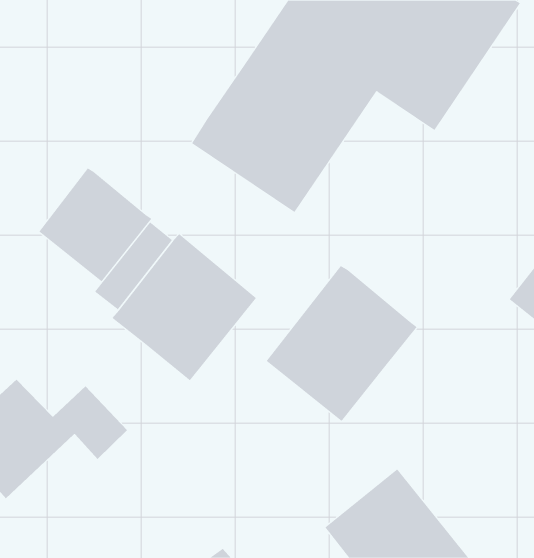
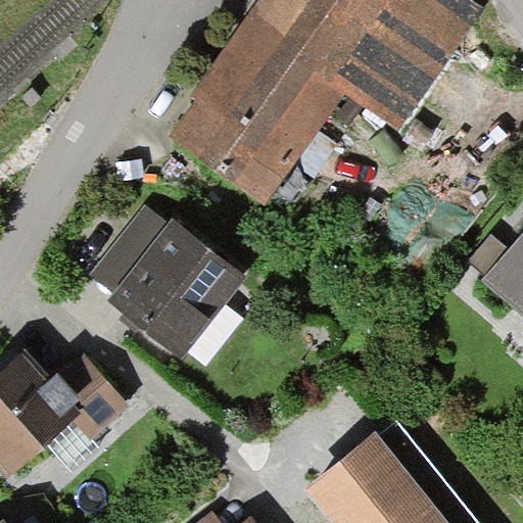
building: [38,168,152,282] -> none
building: [266,265,418,422] -> none

